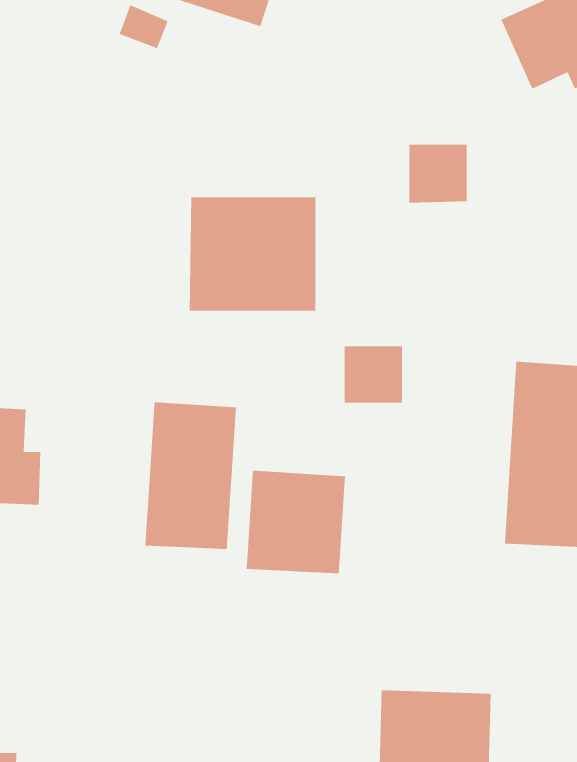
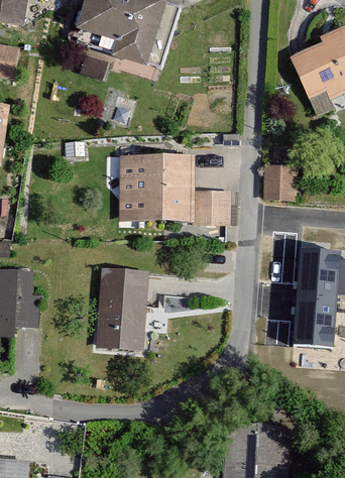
building: [409,144,468,203] -> [262,168,295,201]
building: [344,346,403,403] -> [196,191,228,222]
building: [246,470,346,574] -> none

